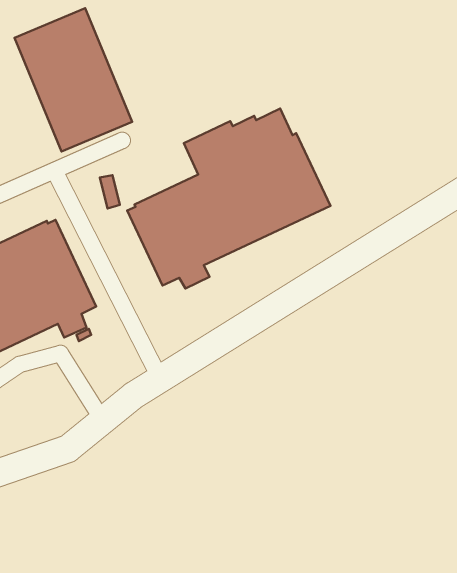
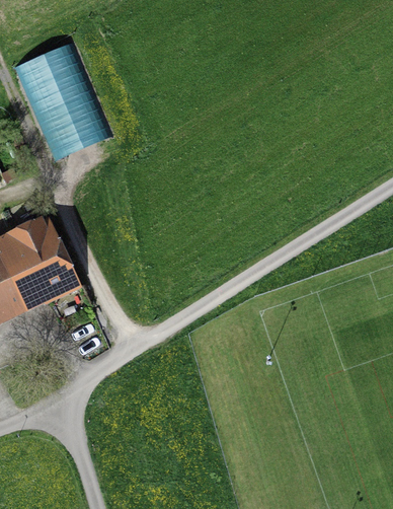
building: [127,108,330,289] -> none

